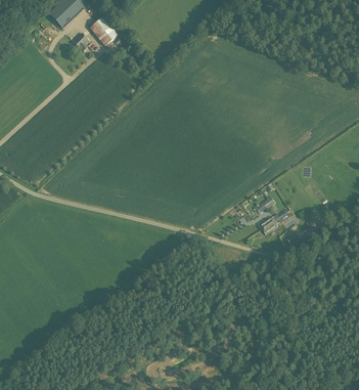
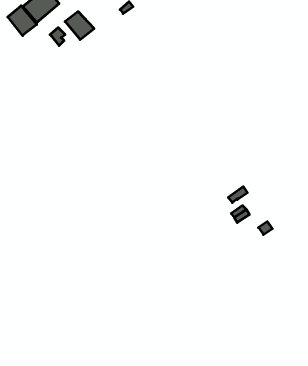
building: none -> [8,6,37,36]

